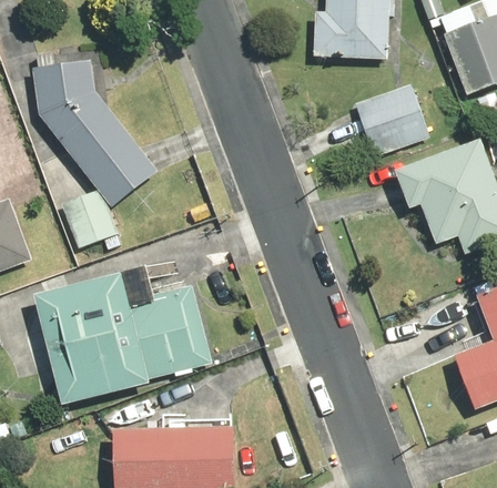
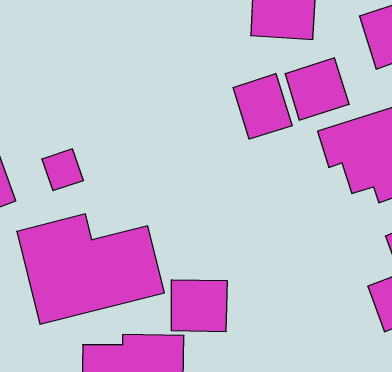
building: [32,58,158,202] -> none
building: none -> [233,73,292,139]
building: none -> [172,280,227,332]

